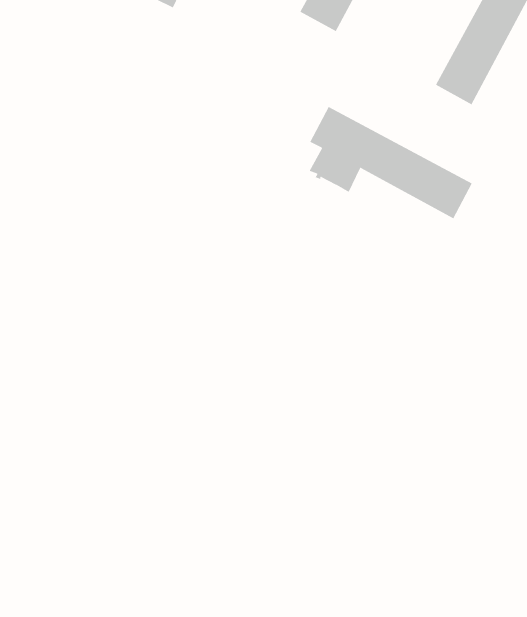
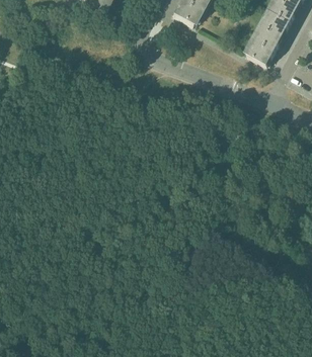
building: [309,106,473,219] -> none

